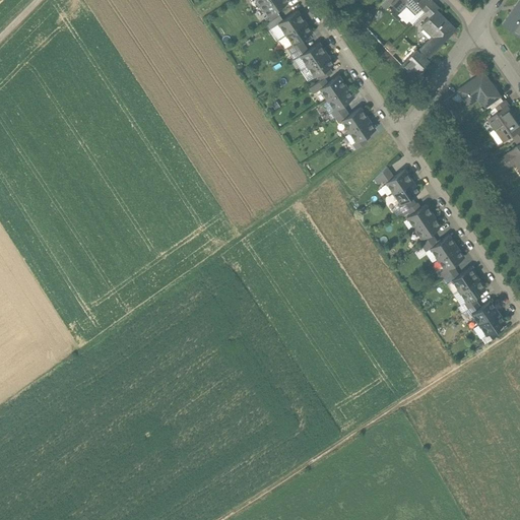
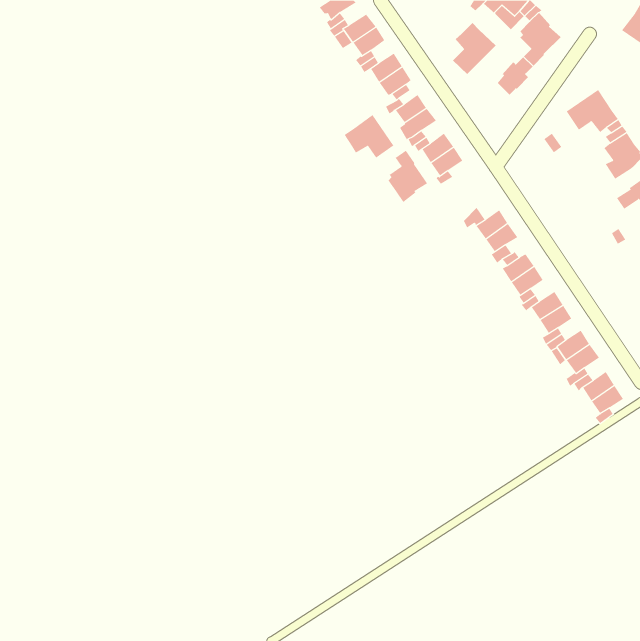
building: none -> [452,22,497,75]
building: none -> [344,114,394,159]
building: none -> [388,150,428,202]

